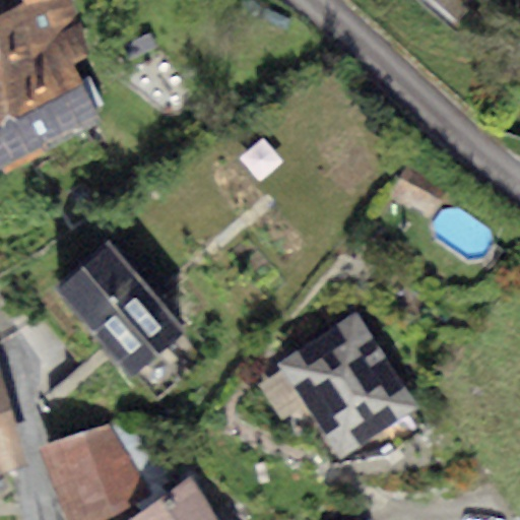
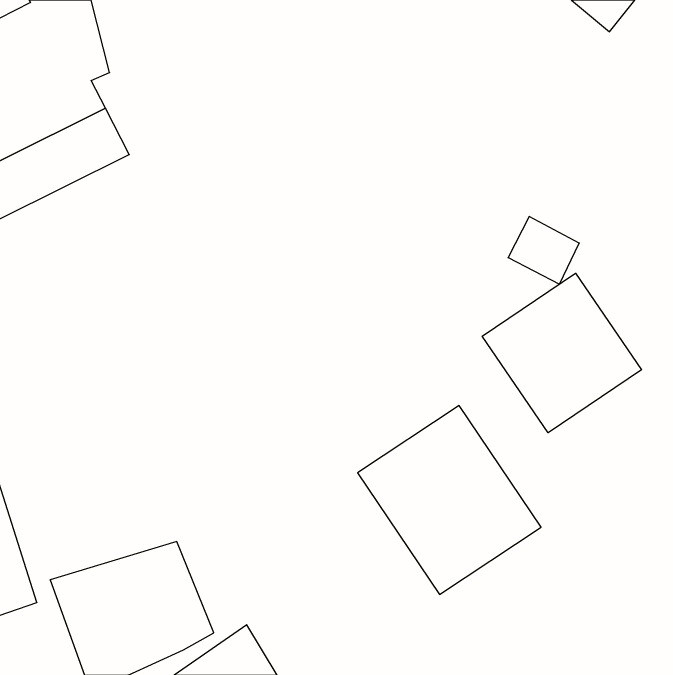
building: none -> [482,273,642,433]
building: [55,243,182,374] -> none

